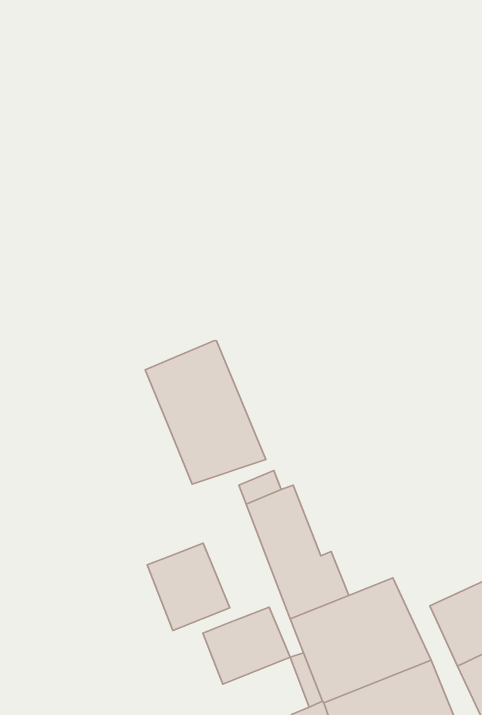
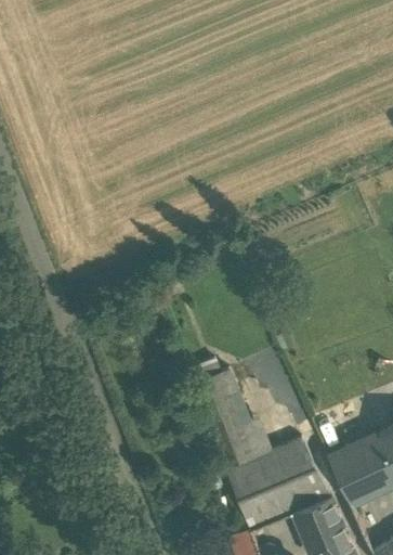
building: [145,341,266,484] -> none
building: [147,543,230,630] -> none
building: [203,607,290,684] -> none

